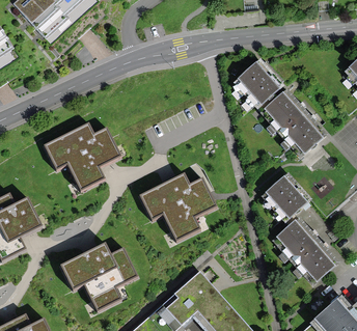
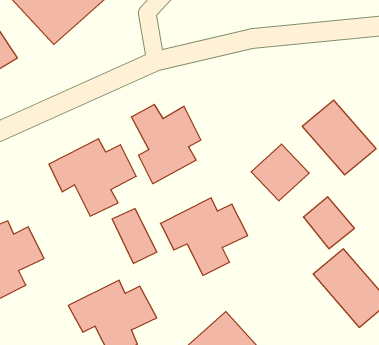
building: [235,60,284,109] -> [251,144,309,201]
building: none -> [131,104,201,184]
building: none -> [112,209,157,264]

